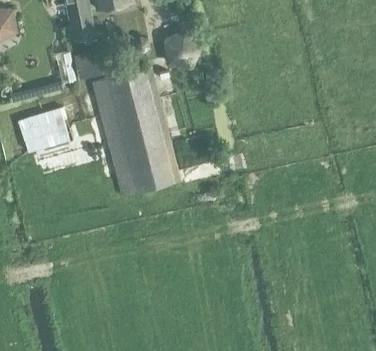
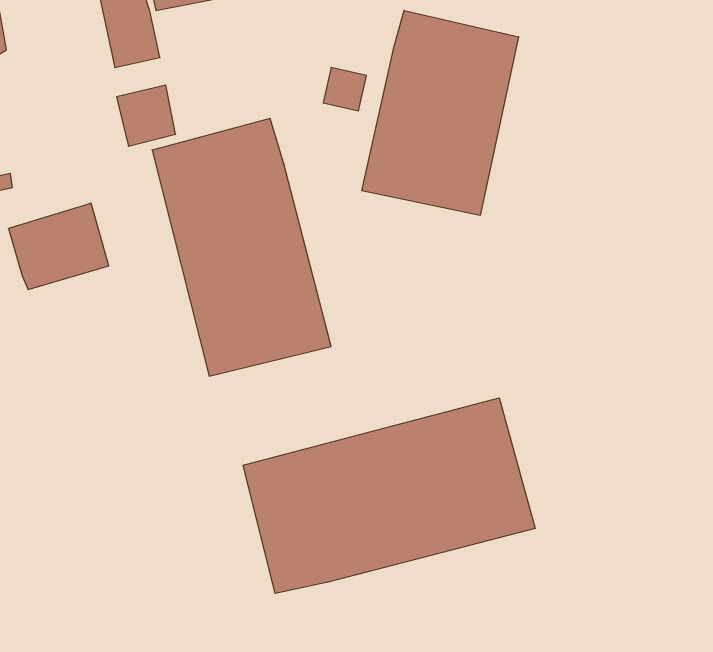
building: none -> [362,10,519,215]
building: none -> [243,398,535,593]

